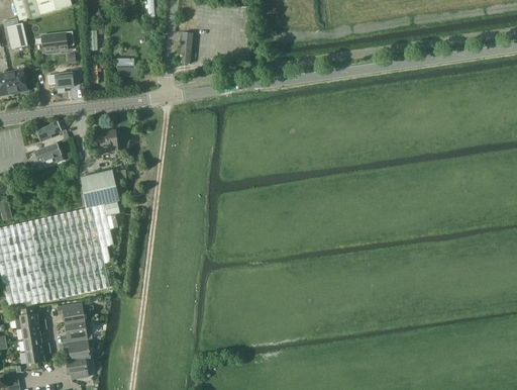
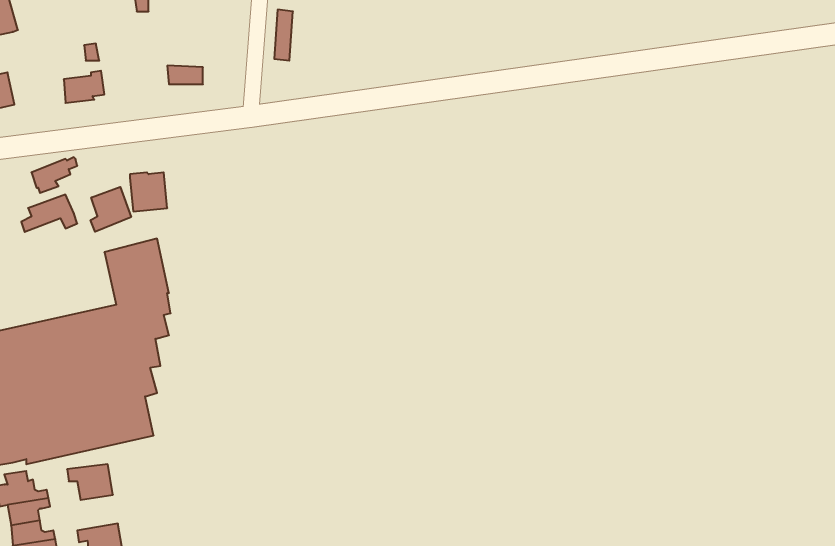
building: [41,31,74,54] -> none
building: none -> [91,187,131,232]
building: [62,320,93,343] -> none

